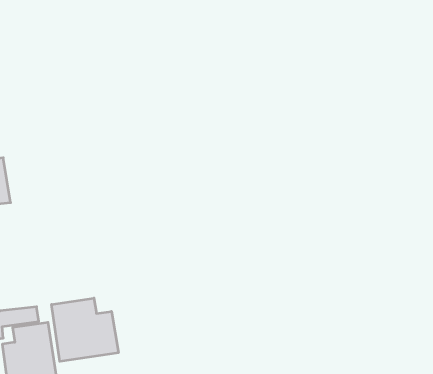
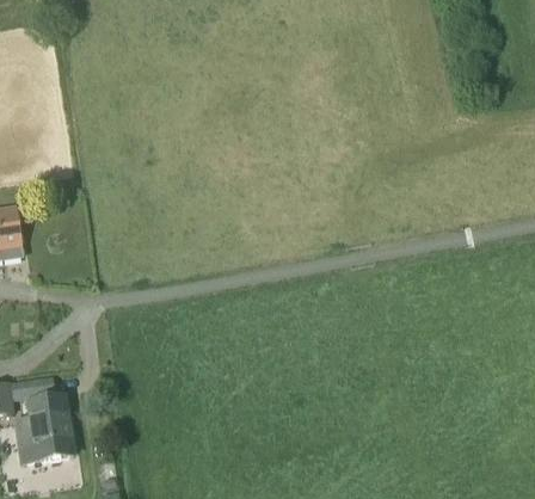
building: [52,298,118,361] -> none

